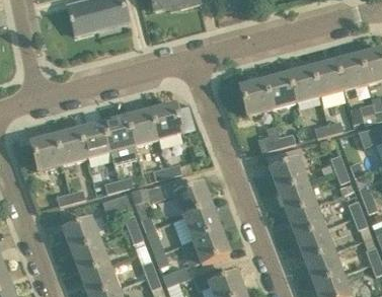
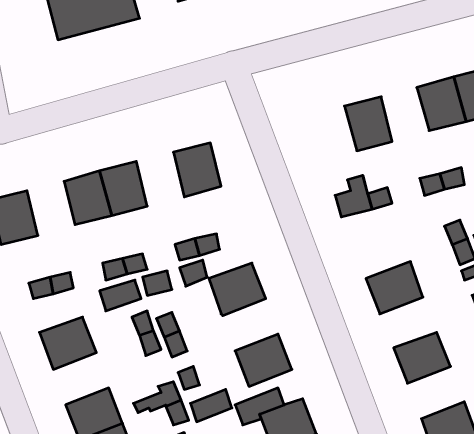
building: [288,67,319,102] -> none
building: [239,79,272,115] -> none
building: [127,109,158,145] -> none
building: [55,129,86,164] -> none
building: [270,157,307,193] -> none
building: [287,205,324,238] -> none
building: [171,206,220,243] -> none
building: [72,241,108,276] -> none
building: [305,250,342,285] -> none

